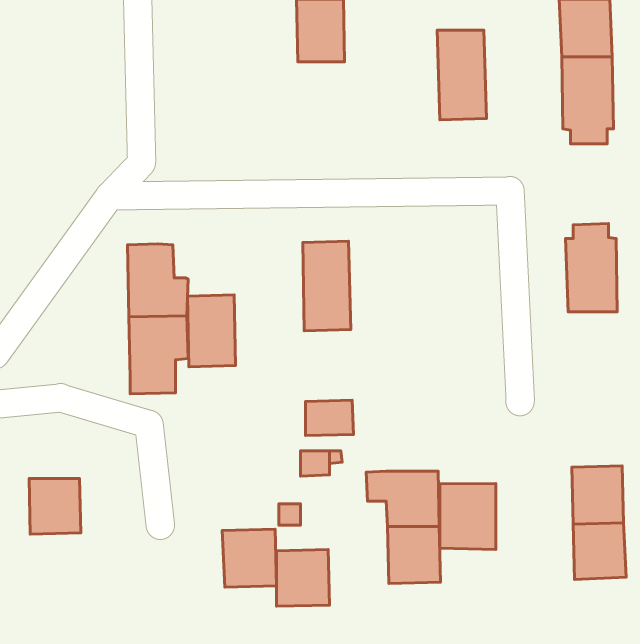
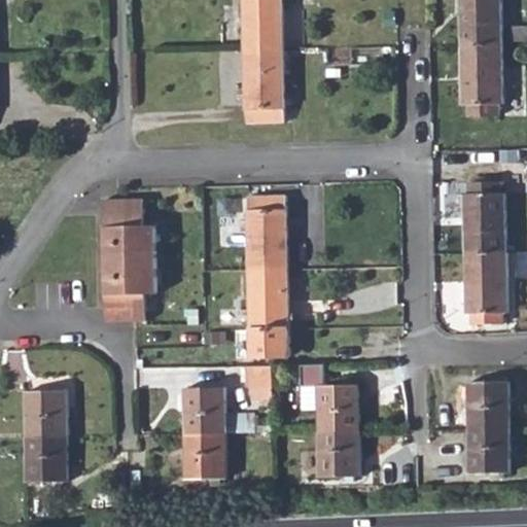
building: [437,30,486,120] -> [243,50,283,124]
building: [187,295,235,367] -> [248,269,287,327]
building: none -> [463,254,504,325]
building: [440,484,496,550] -> none
building: none -> [25,434,67,482]
building: [276,549,329,606] -> [181,386,224,432]

